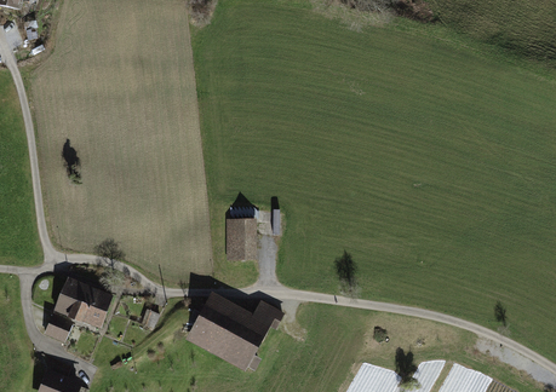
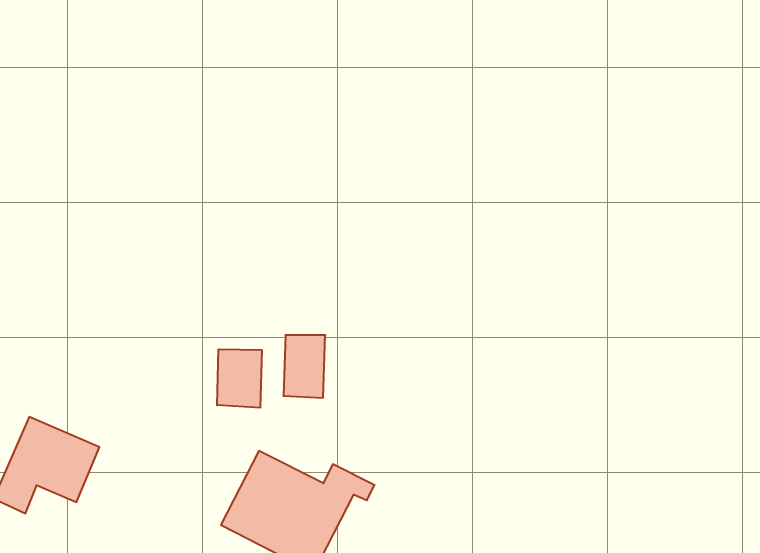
building: none -> [217,349,262,408]

